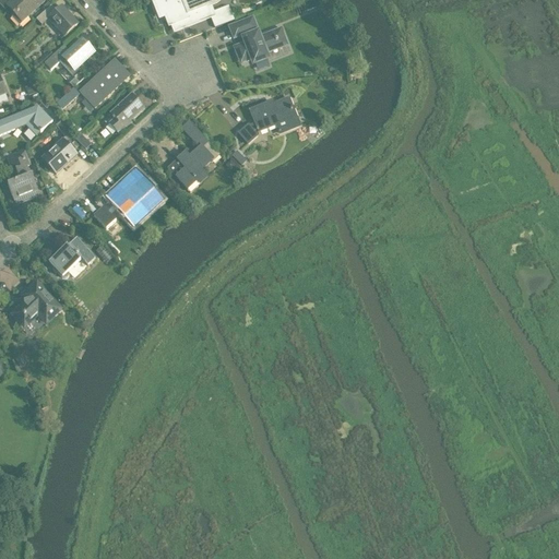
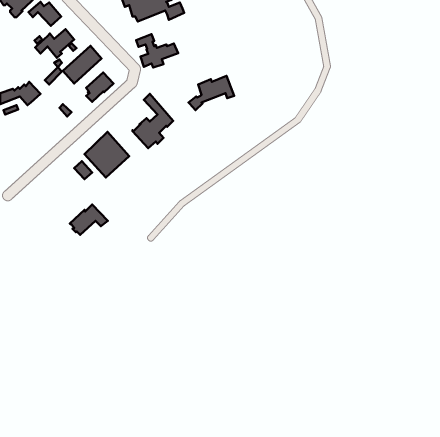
building: [231,16,285,59] -> [136,34,178,68]
building: [41,119,76,171] -> none
building: [8,150,37,200] -> none
building: [48,236,96,274] -> [70,205,108,235]
building: [13,281,61,323] -> none

